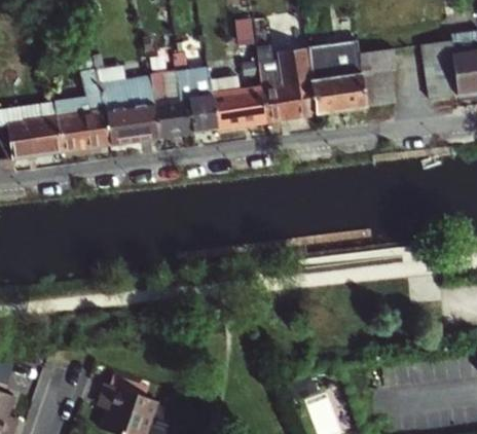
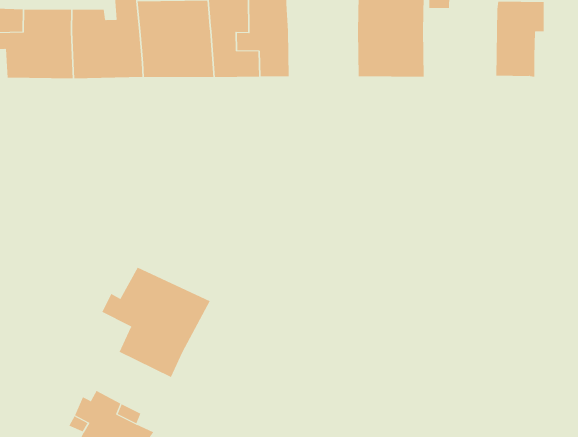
building: [310,59,367,115] -> none
building: [210,76,267,129] -> none
building: none -> [101,267,210,378]

